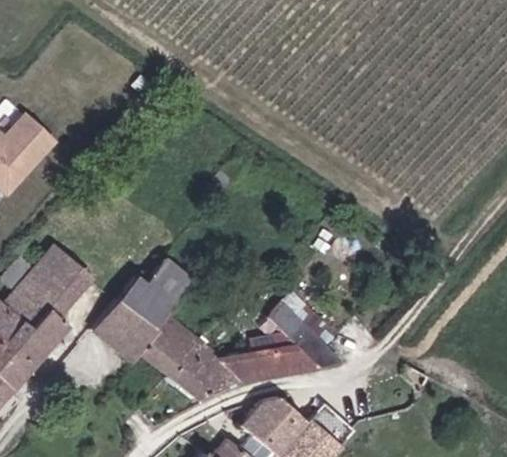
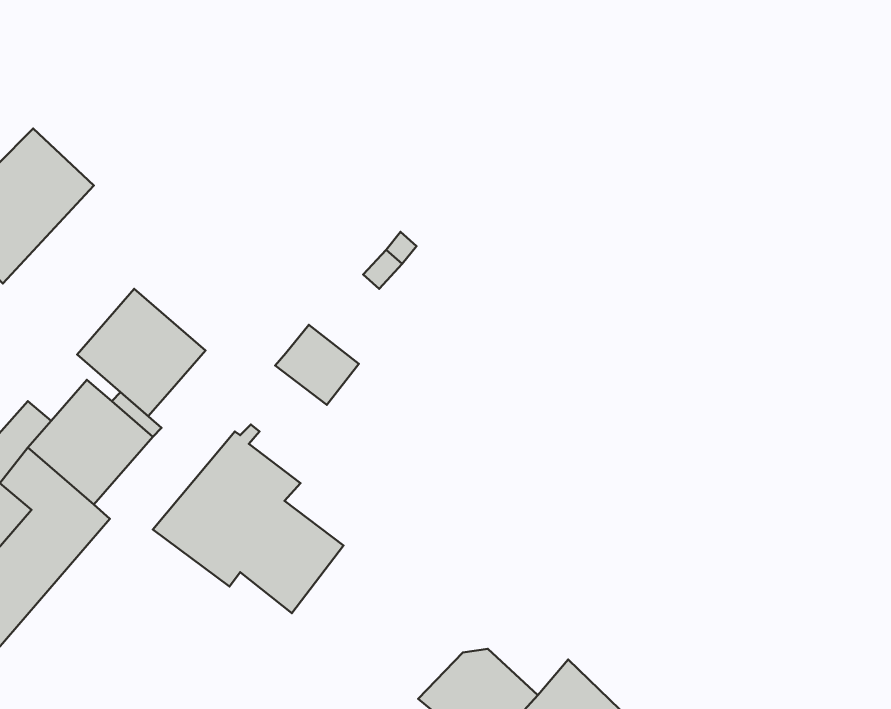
building: none -> [77,289,205,416]
building: [144,261,191,306] -> [275,325,359,405]
building: [168,304,339,402] -> none

